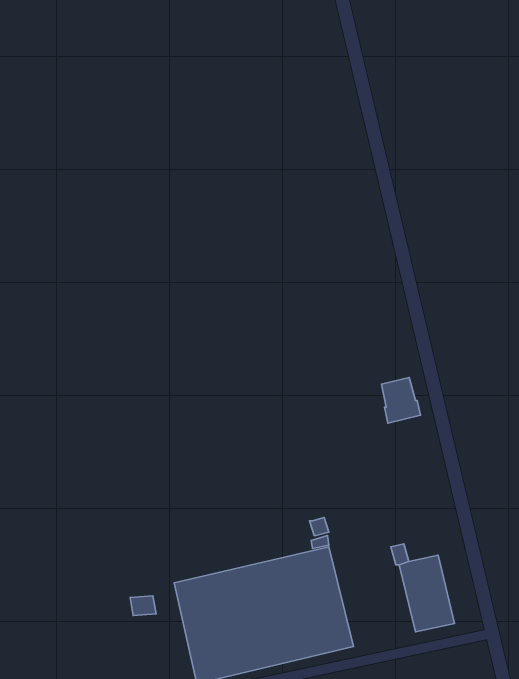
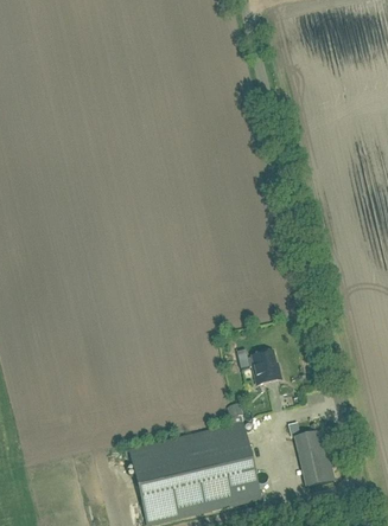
building: [381,378,420,423] -> [252,351,280,384]

